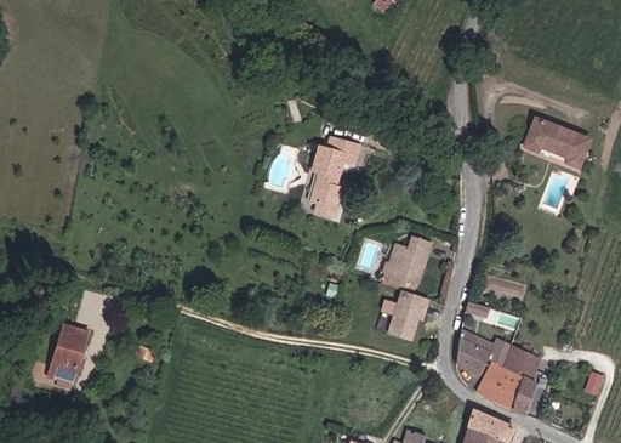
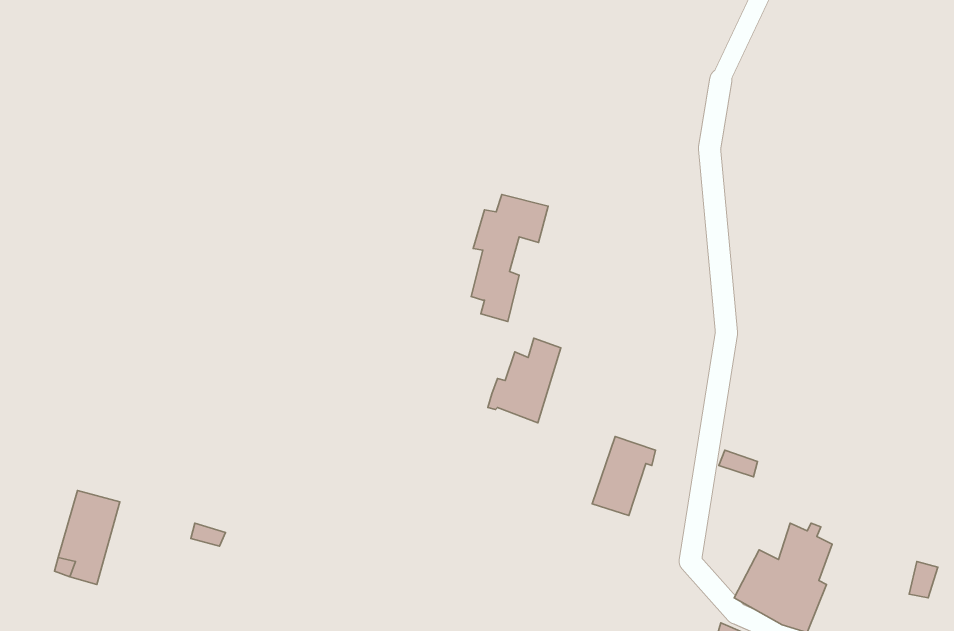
building: [524,118,589,167] -> none
building: [383,237,429,290] -> [488,338,561,423]
building: [457,337,491,375] -> none

